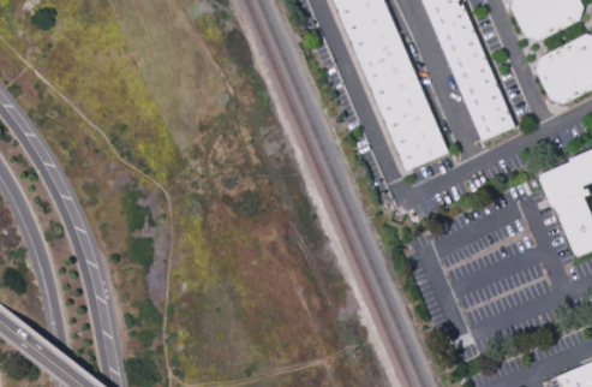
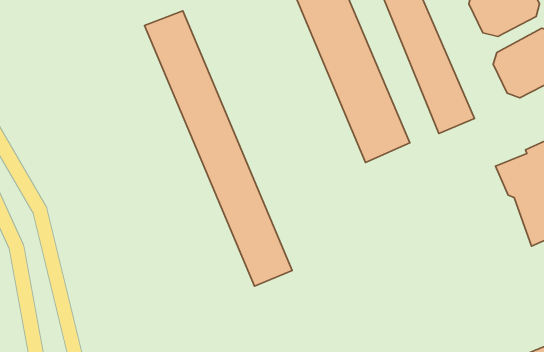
building: none -> [145,11,292,286]

